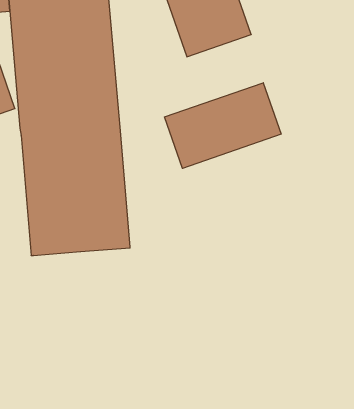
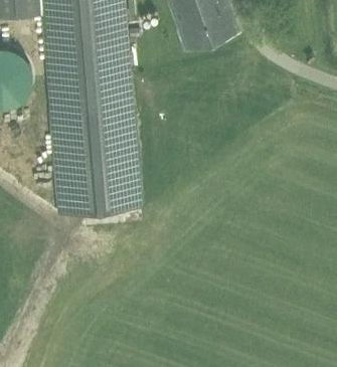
building: [164,83,281,168] -> none

